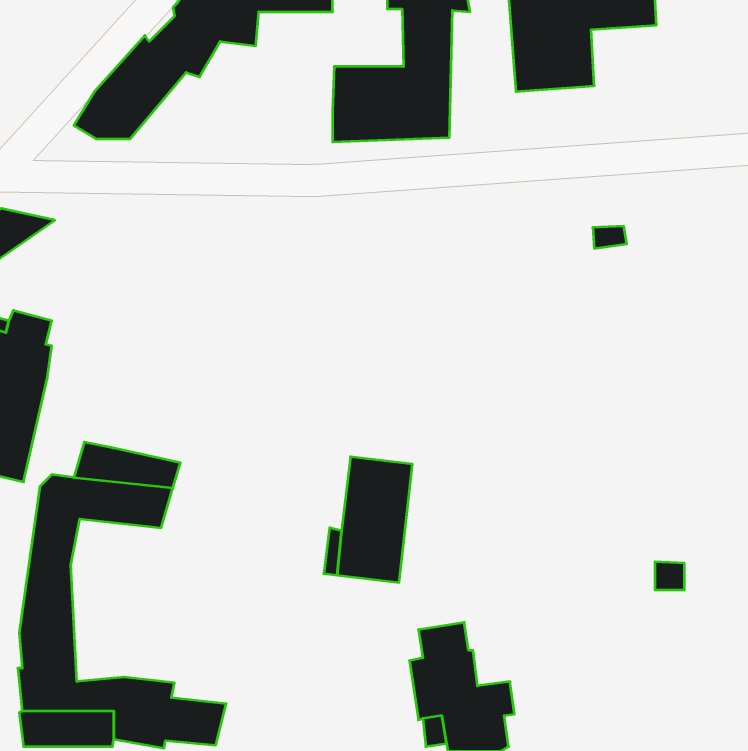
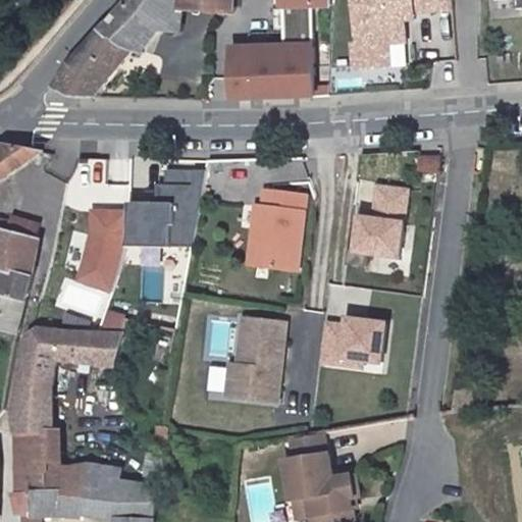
building: none -> [76,170,200,292]
building: none -> [248,188,305,269]
building: none -> [354,188,414,263]
building: none -> [322,314,383,365]

